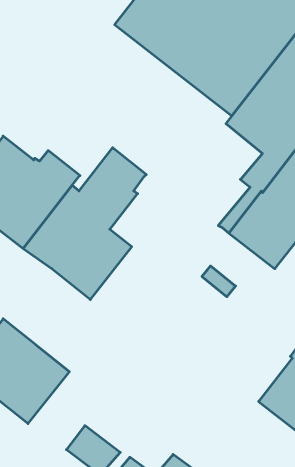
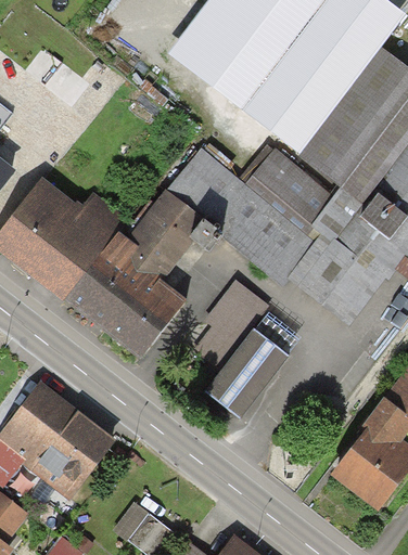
building: none -> [166,142,334,286]
building: none -> [192,279,288,420]

